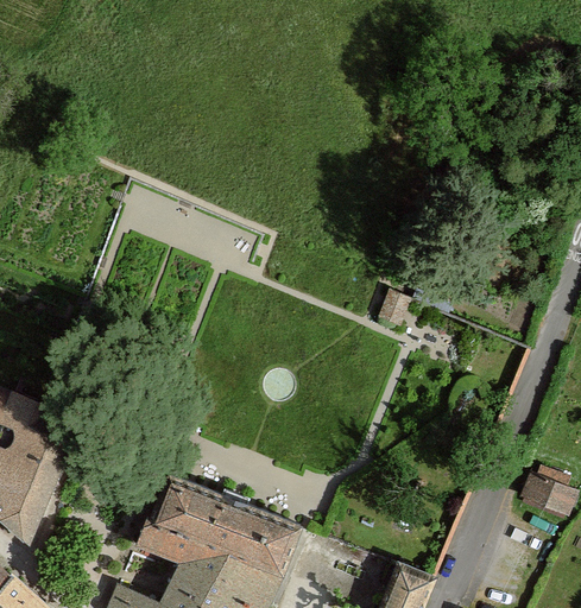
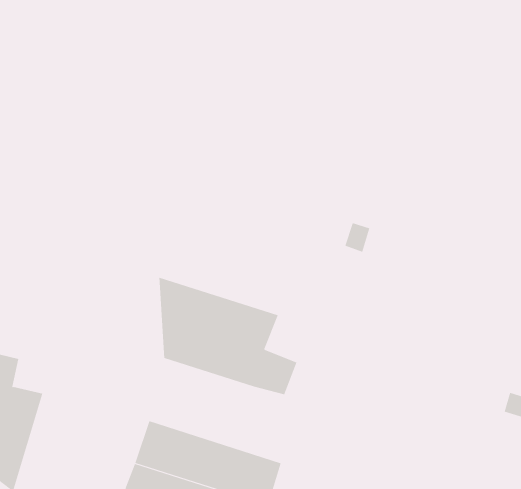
building: none -> [159,277,297,395]

